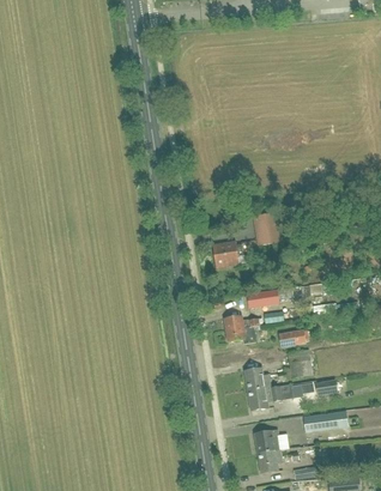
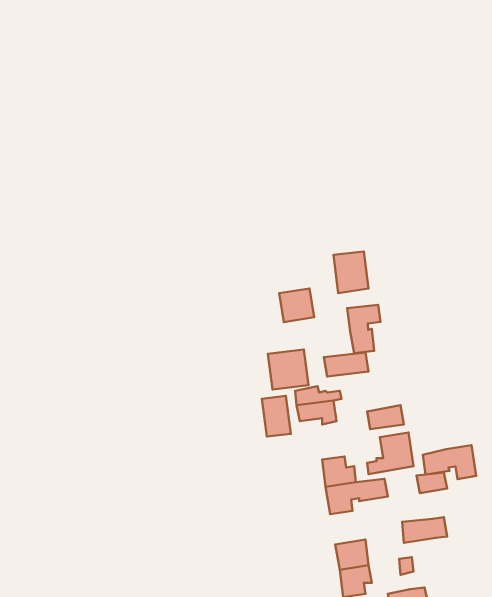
building: none -> [347,305,381,353]
building: none -> [268,350,308,390]
building: none -> [262,396,291,437]
building: none -> [423,445,476,479]

